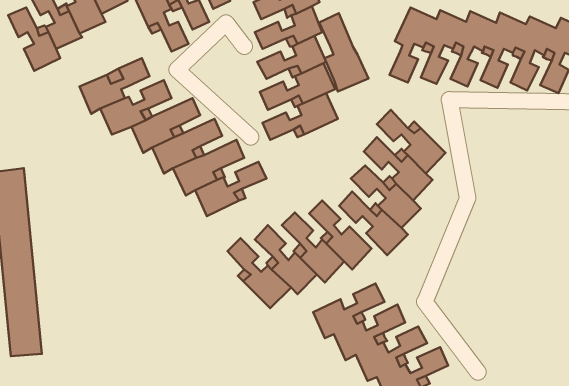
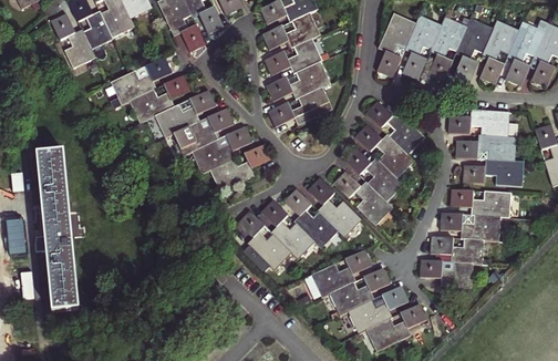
building: [319,13,369,92] -> none
building: none -> [447,110,524,186]
building: none -> [420,189,510,287]

